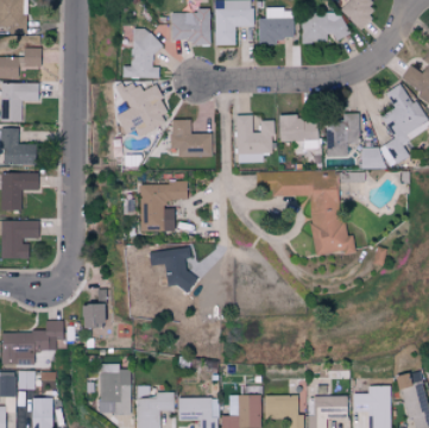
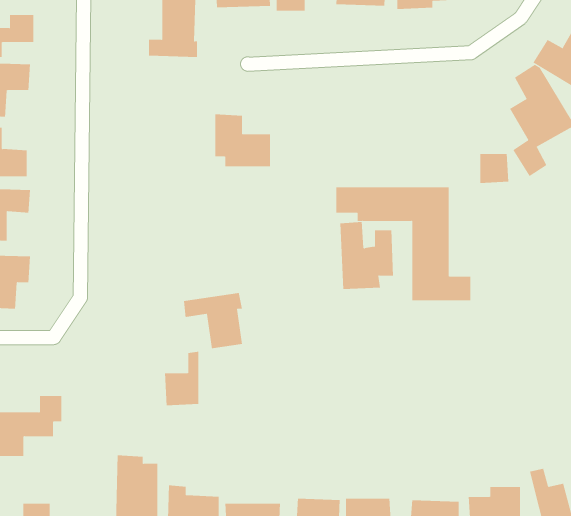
building: [118,80,172,136] -> none
building: [326,113,360,157] -> none
building: [235,114,275,163] -> [339,221,394,289]
building: [279,115,318,140] -> none
building: [140,183,188,232] -> none
building: [81,289,106,328] -> [164,351,199,406]

